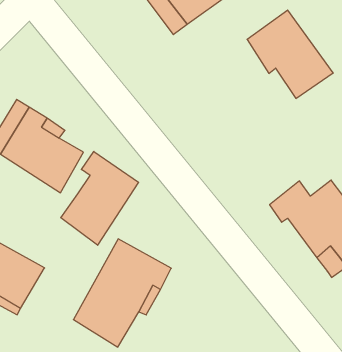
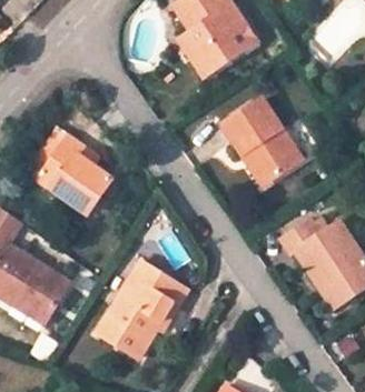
building: [247,10,333,98] -> [221,99,298,180]
building: [61,151,139,245] -> none

